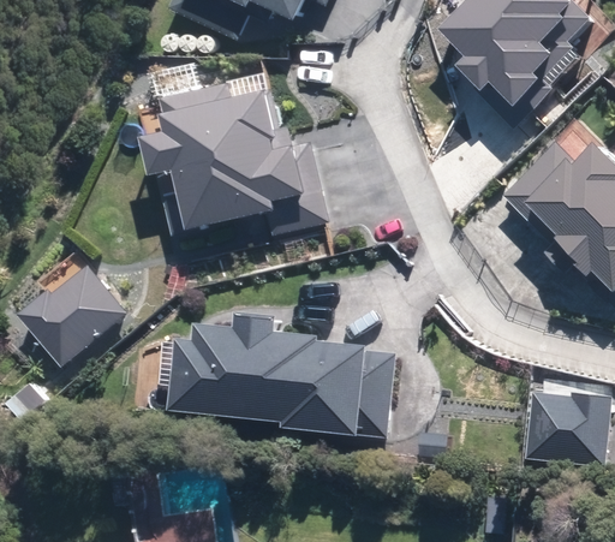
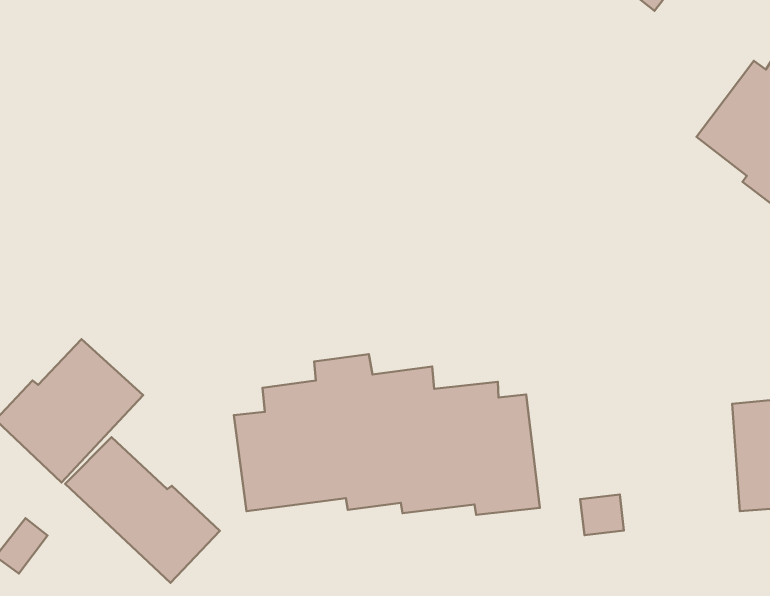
building: [147,88,321,238] -> none
building: none -> [65,437,220,583]

